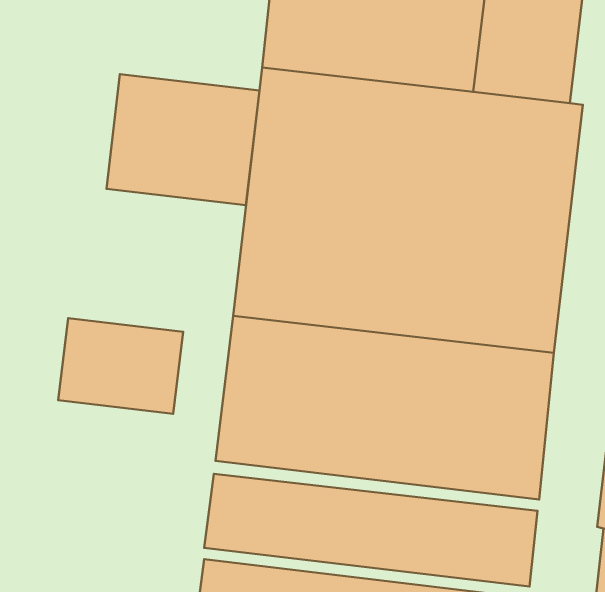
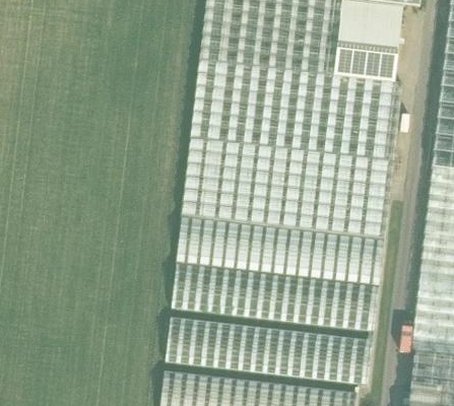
building: [106,74,260,205] -> none
building: [58,318,183,414] -> none

